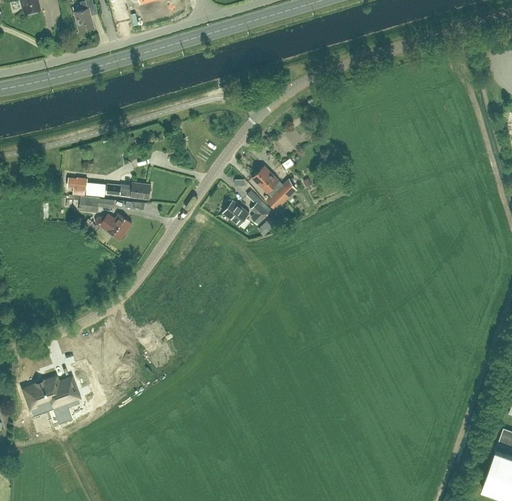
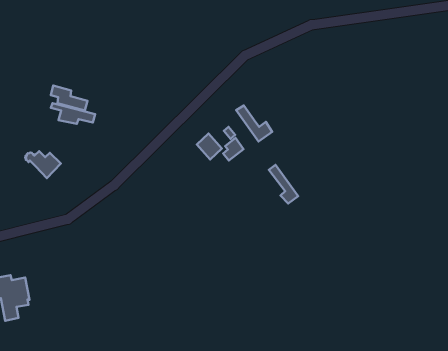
building: [251,172,285,209] -> [269,165,298,204]
building: [106,183,151,199] -> none
building: [95,214,132,240] -> [25,151,61,178]

